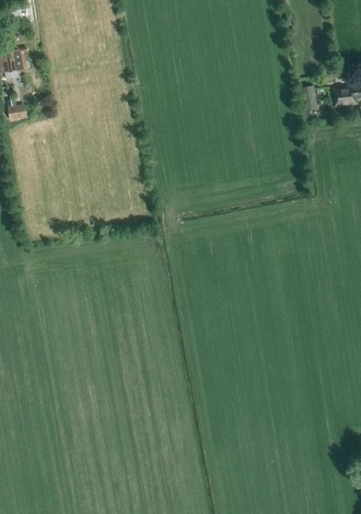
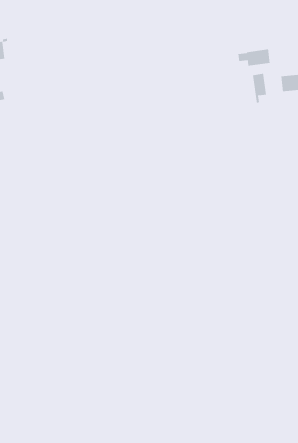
building: none -> [238,49,270,67]

